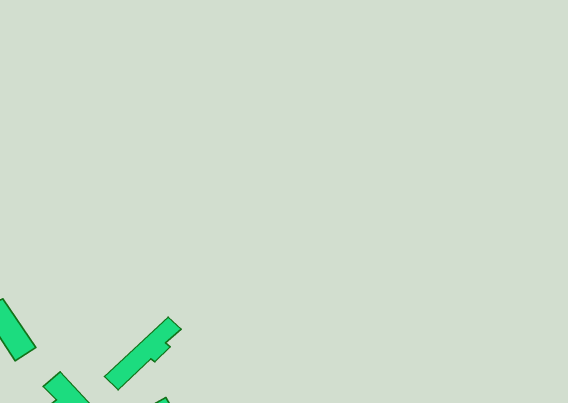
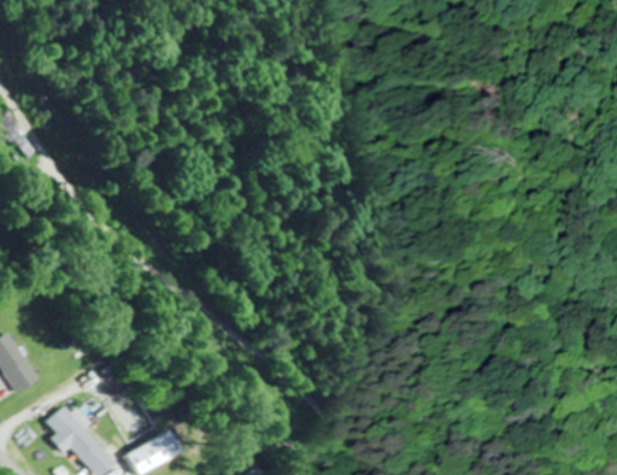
building: [105,317,181,390] -> none

